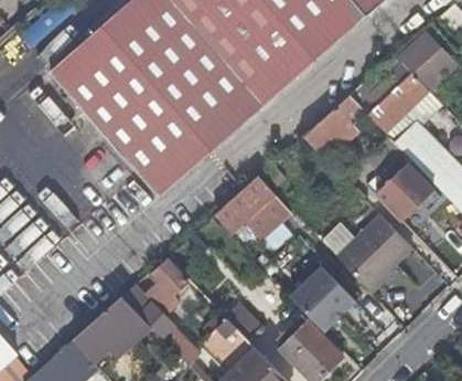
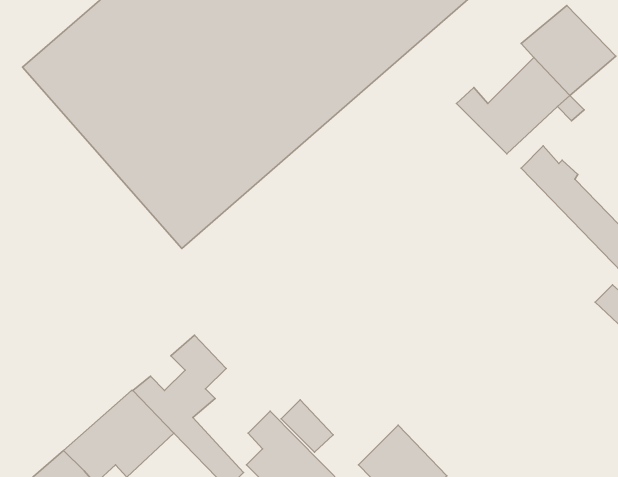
building: [303,96,364,154] -> none
building: [377,171,434,220] -> none
building: [214,176,291,239] -> none
building: [336,215,411,289] -> none
building: [290,267,355,331] -> none

